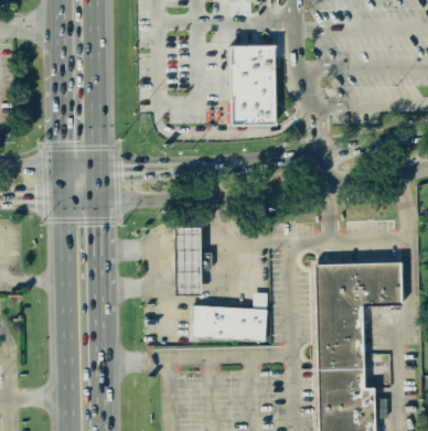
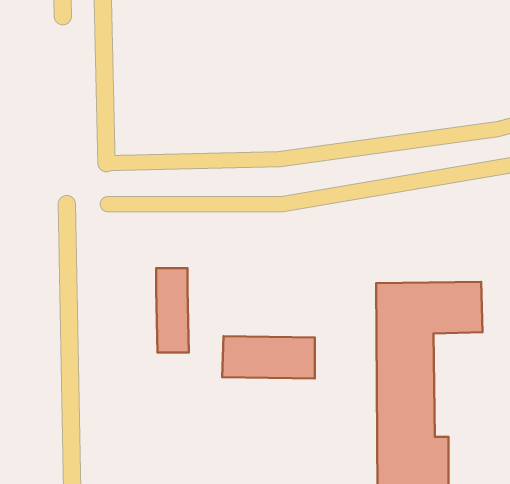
building: [229,45,276,125] -> none
building: [174,227,201,295] -> [156,268,189,353]

